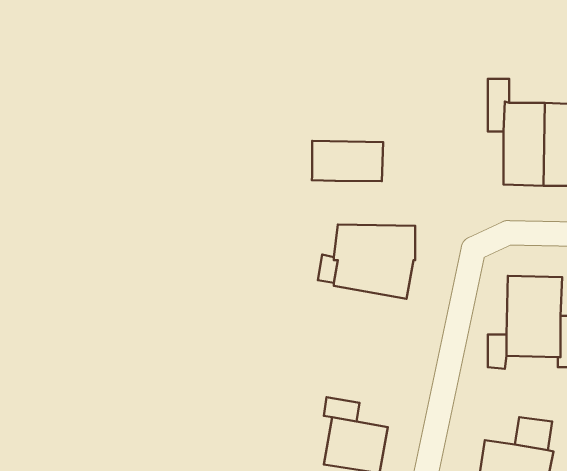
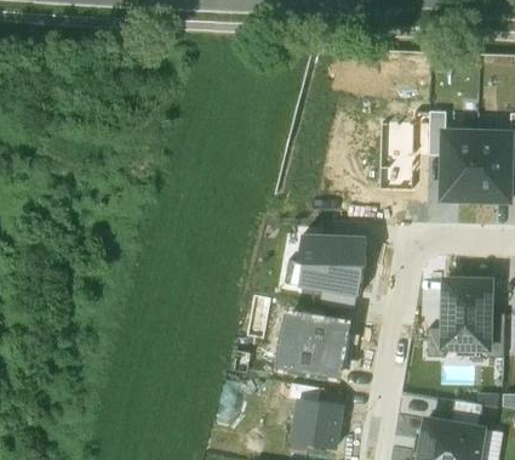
building: [312,141,383,181] -> none
building: none -> [277,312,353,377]

